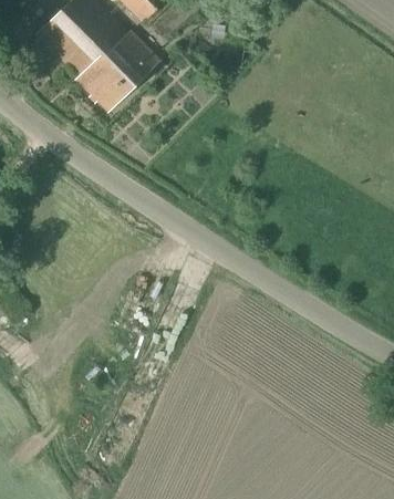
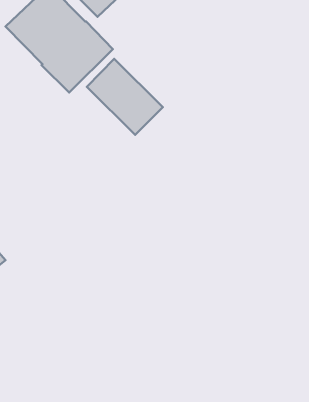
building: none -> [87,59,163,135]

